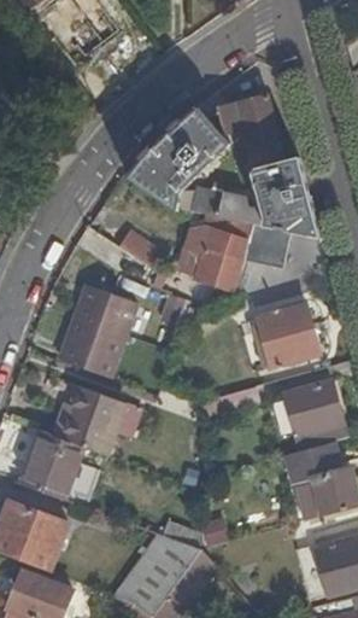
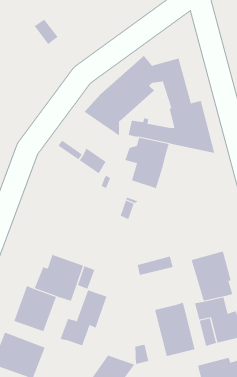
building: [242,222,292,268] -> none
building: [60,291,135,377] -> none
building: [256,304,318,368] -> none
building: none -> [60,289,107,346]
building: none -> [154,302,195,357]

